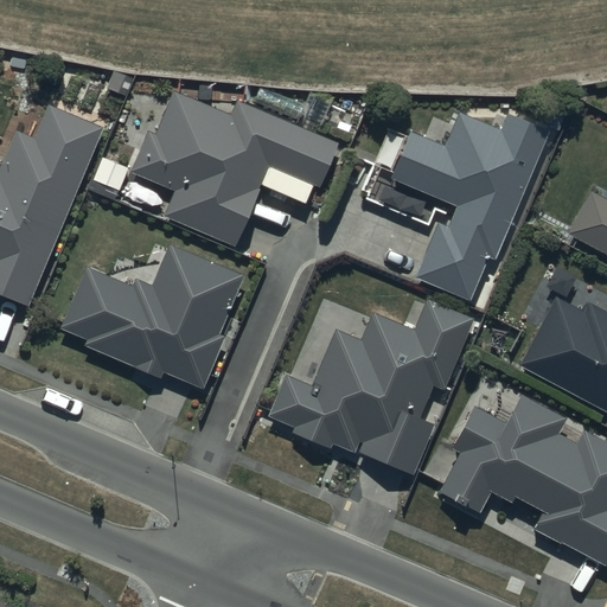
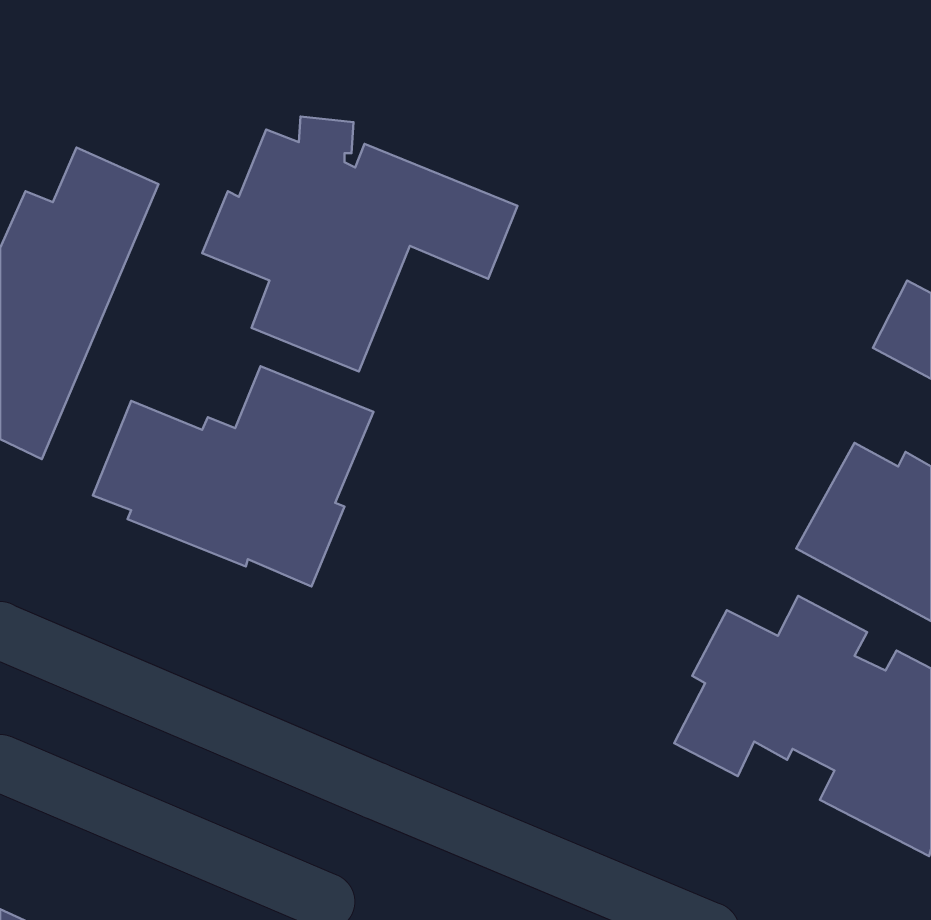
building: [388,109,549,300] -> none
building: [268,298,475,474] -> none

